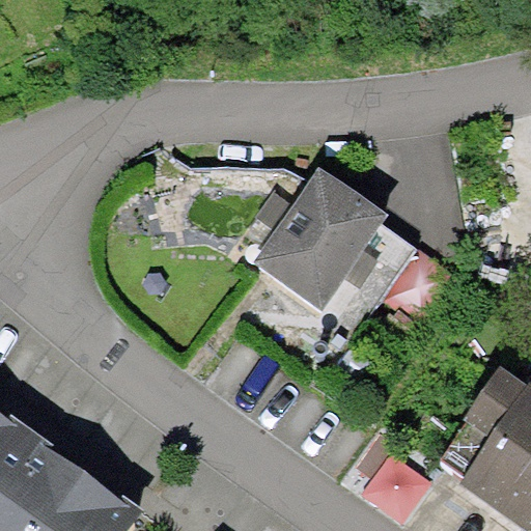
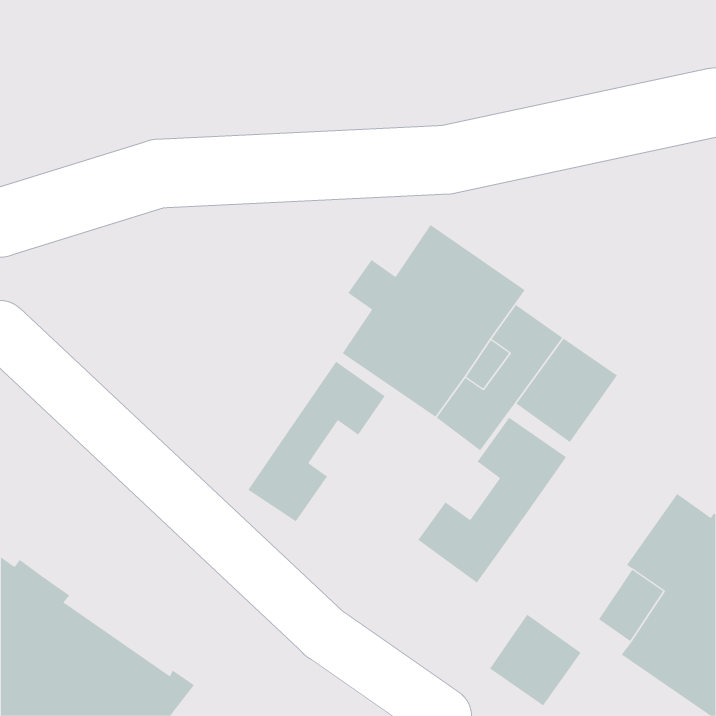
building: none -> [248,361,386,522]
building: none -> [418,417,567,583]

